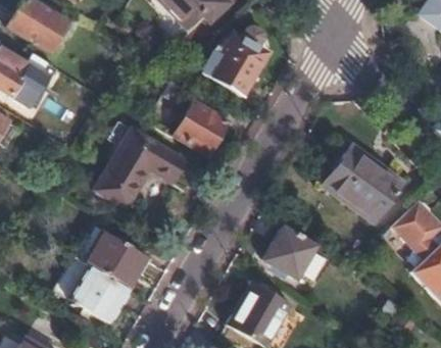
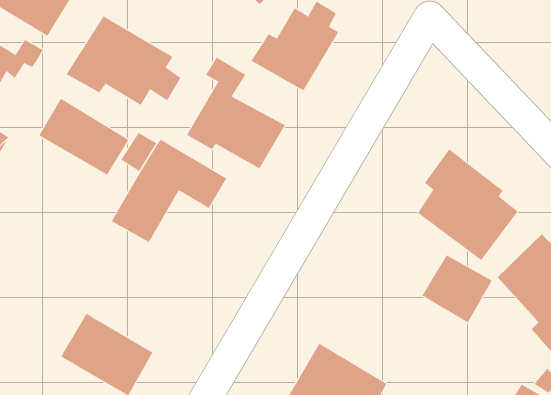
building: none -> [66,15,181,106]
building: none -> [39,98,129,176]
building: [263,229,316,280] -> [421,255,493,323]
building: [86,232,148,289] -> none

